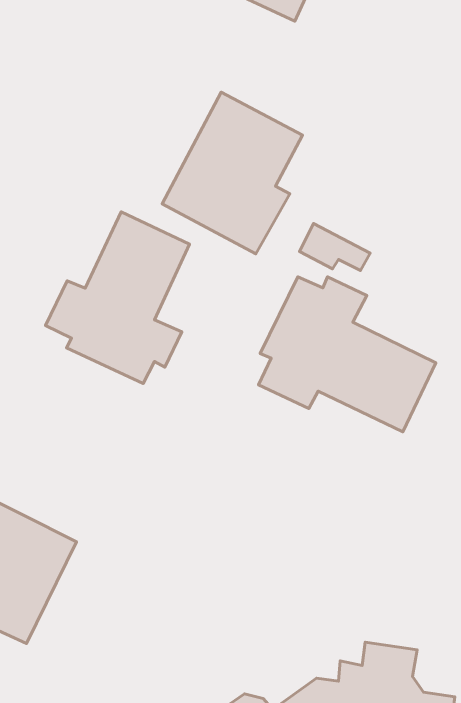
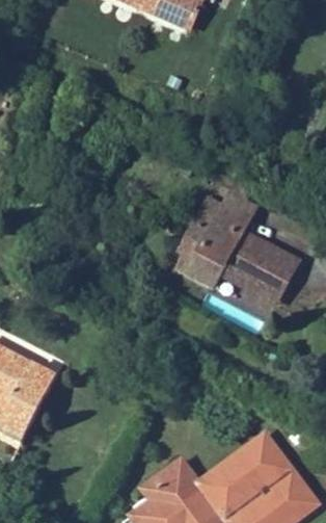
building: [162,92,302,254] -> none
building: [45,212,189,383] -> none

